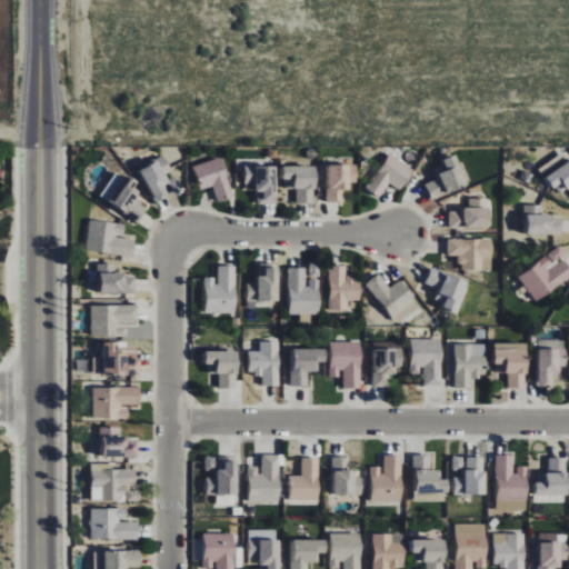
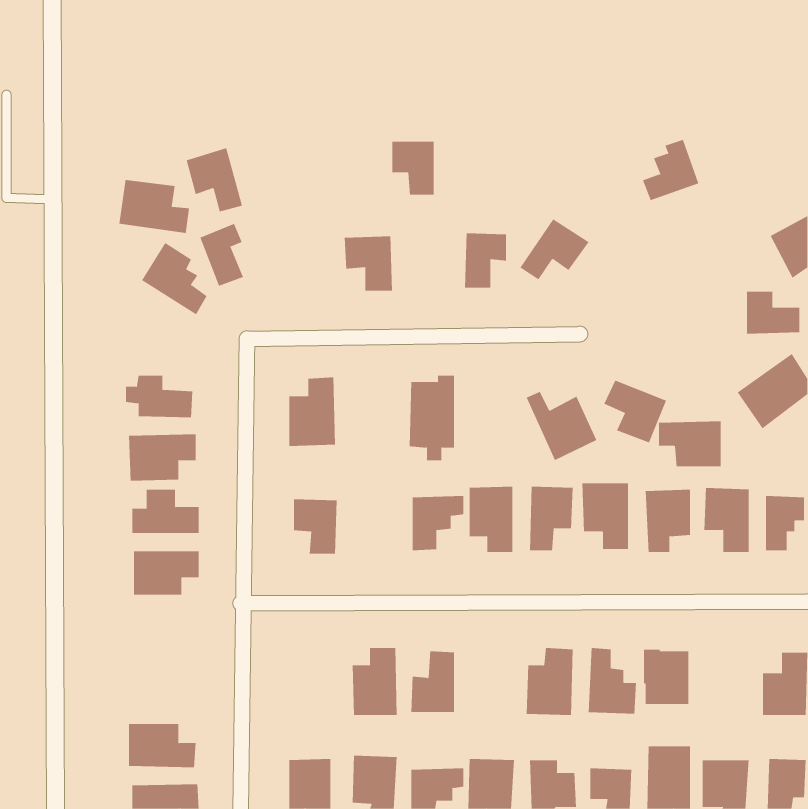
building: [425,154,465,198] -> [642,139,699,201]
building: [192,157,232,202] -> [186,147,243,212]
building: [283,166,313,203] -> [392,141,434,195]
building: [448,198,488,229] -> none
building: [84,219,134,257] -> [118,180,190,233]
building: [447,238,491,270] -> [658,421,722,467]
building: [246,263,278,301] -> none
building: [328,266,359,310] -> none
building: [247,341,279,386] -> none
building: [98,427,138,457] -> none
building: [495,455,527,510] -> none
building: [203,456,236,506] -> none
building: [331,456,361,495] -> none
building: [91,469,136,500] -> none

